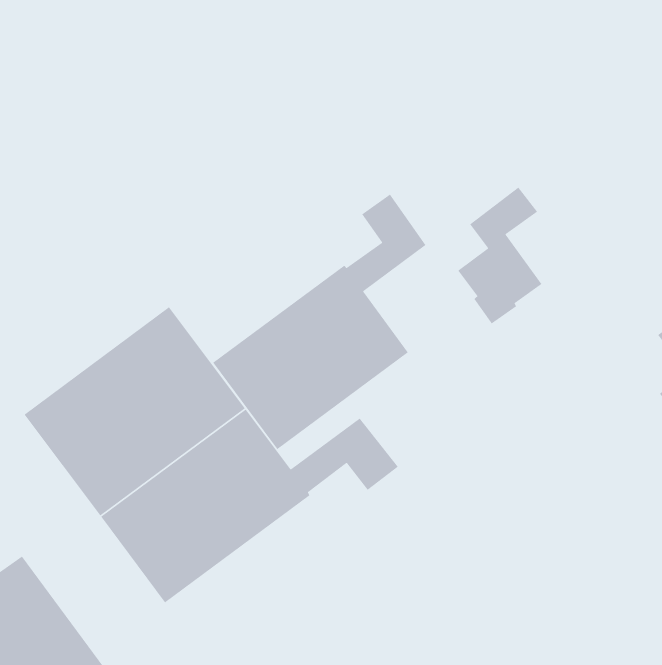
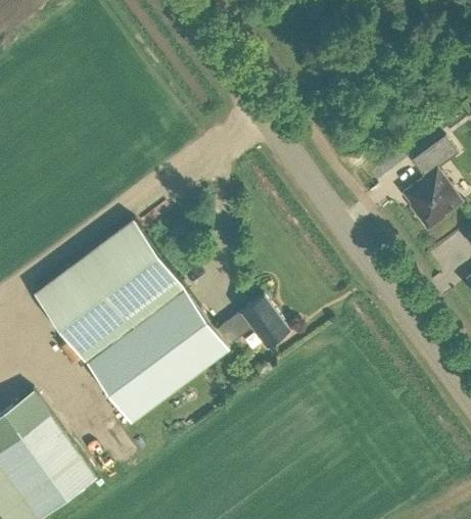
building: [457,186,543,325] -> [403,137,461,231]
building: [212,193,427,450] -> none

